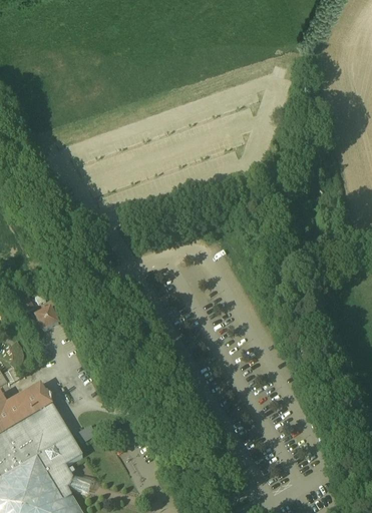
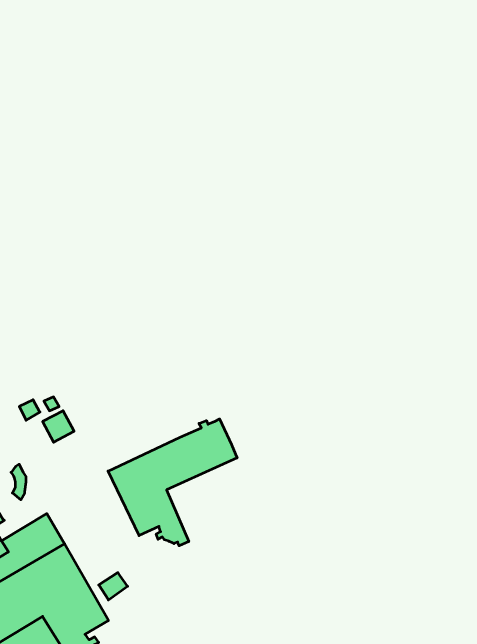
building: none -> [108,419,237,546]

